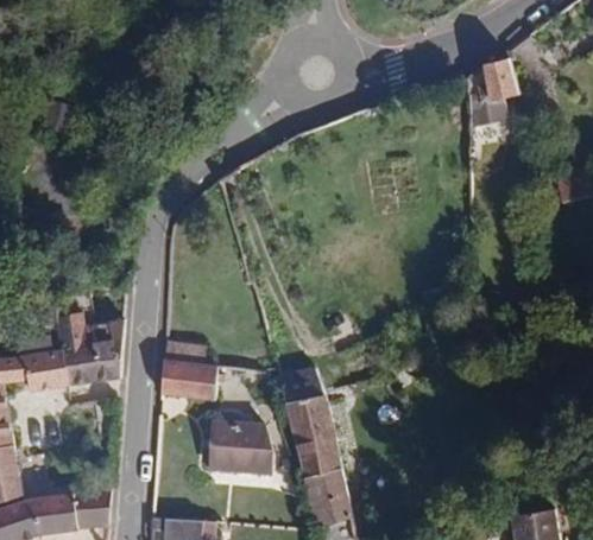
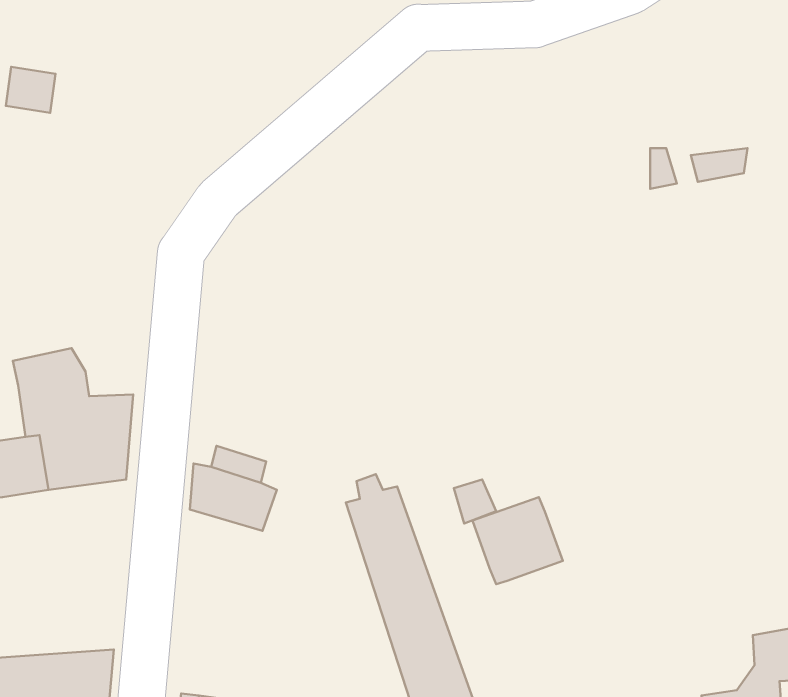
building: [484,77,519,126] -> none
building: none -> [473,497,563,584]
building: [209,428,253,477] -> none

